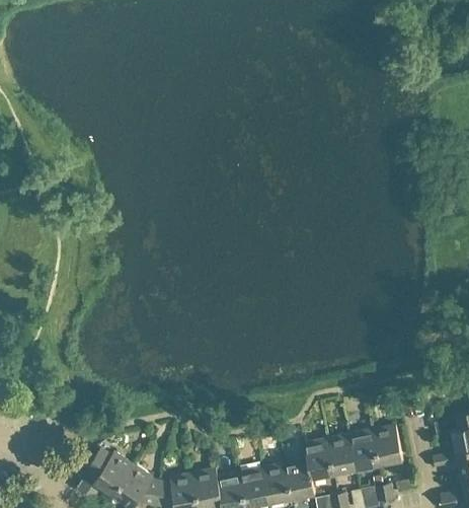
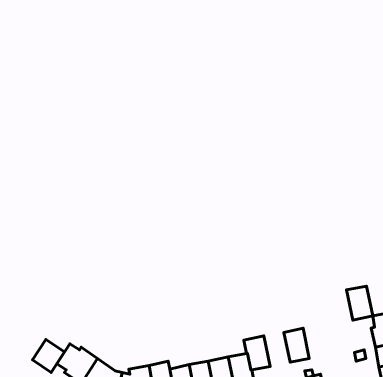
building: [373,427,403,466] -> [347,286,373,320]
building: [327,436,358,476] -> none
building: none -> [32,339,64,372]

